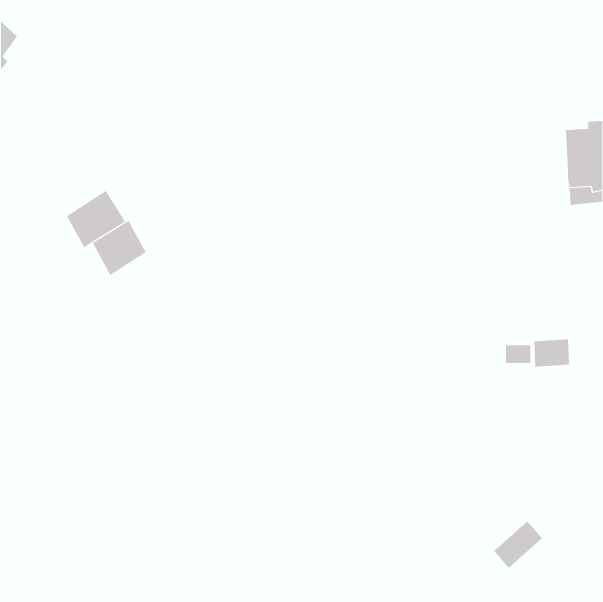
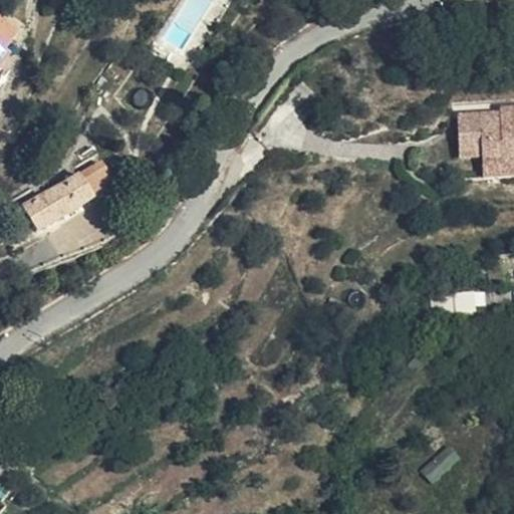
building: none -> [458,110,483,155]
building: [92,220,147,276] -> [25,184,71,231]

